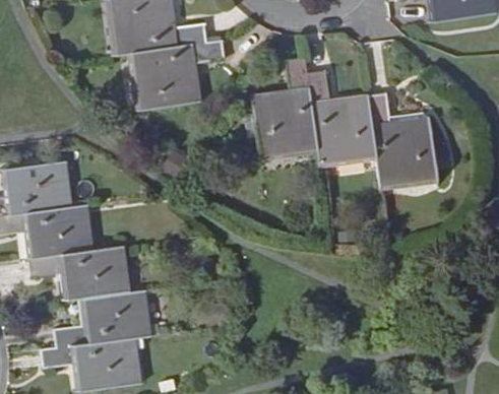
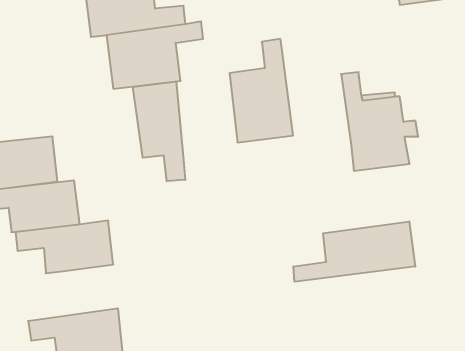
building: [308,69,379,171] -> none
building: none -> [133,81,185,181]
building: none -> [293,221,415,282]
building: [57,289,155,348] -> none

